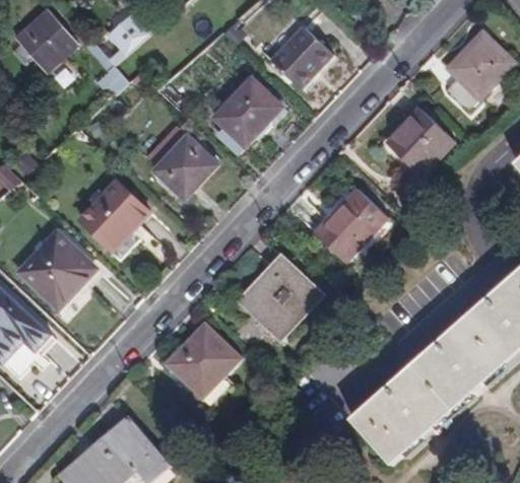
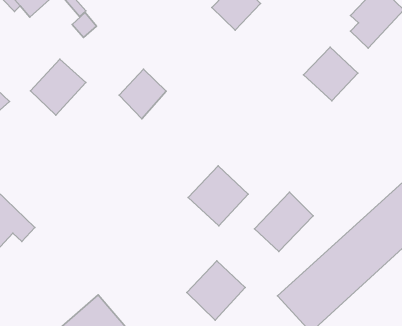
building: [213,77,280,144] -> none
building: [79,180,148,250] -> [31,59,86,115]
building: [313,188,386,262] -> [255,192,313,251]
building: [20,232,93,306] -> none
building: [166,324,239,398] -> [187,261,245,320]

